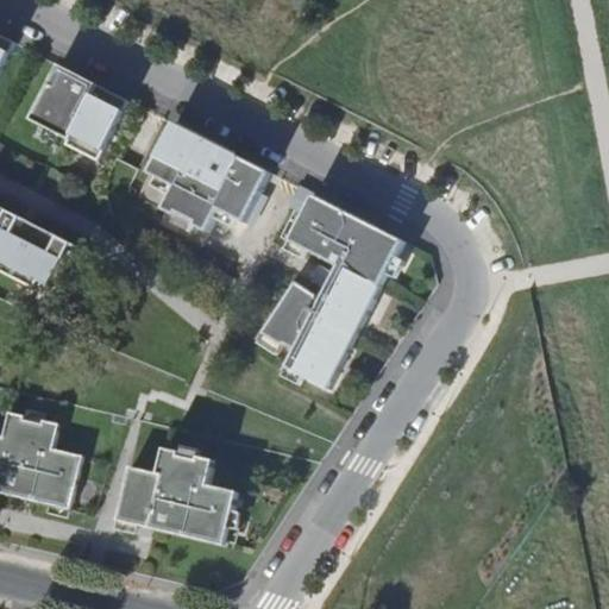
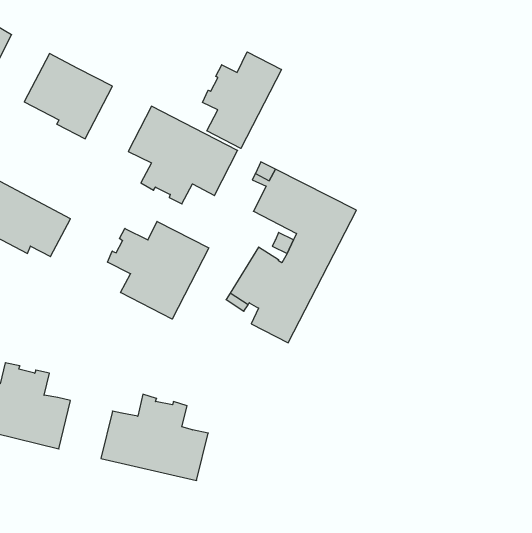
building: none -> [203,52,281,148]
building: none -> [108,221,209,319]

